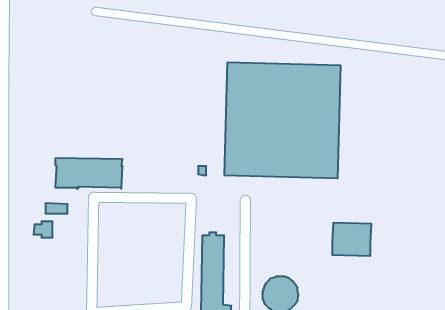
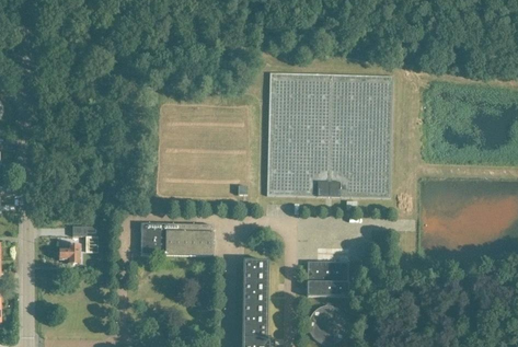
building: [55,158,123,188] -> [139,223,212,256]
building: [332,223,371,256] -> [306,261,348,297]

